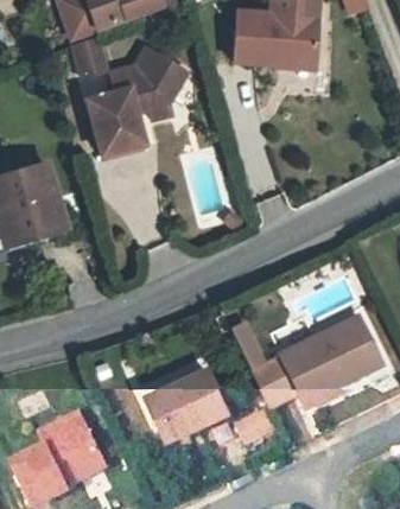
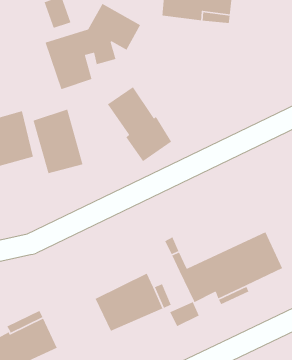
building: none -> [107,86,172,162]
building: none -> [32,108,84,174]

